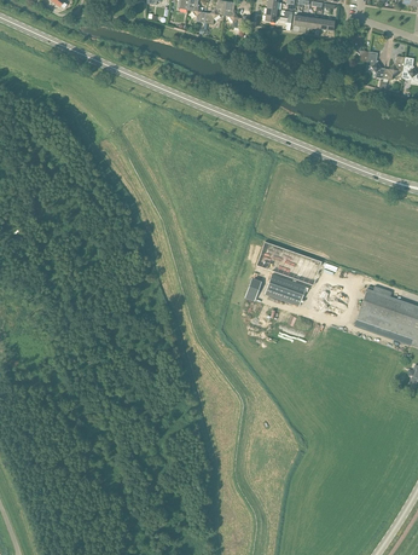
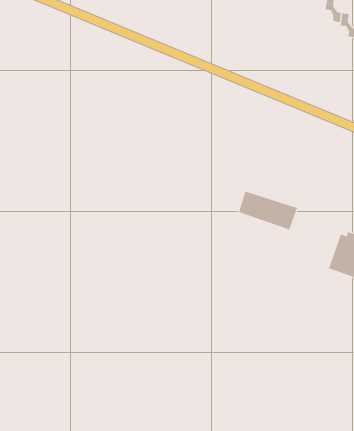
building: [265,273,306,306] -> none

